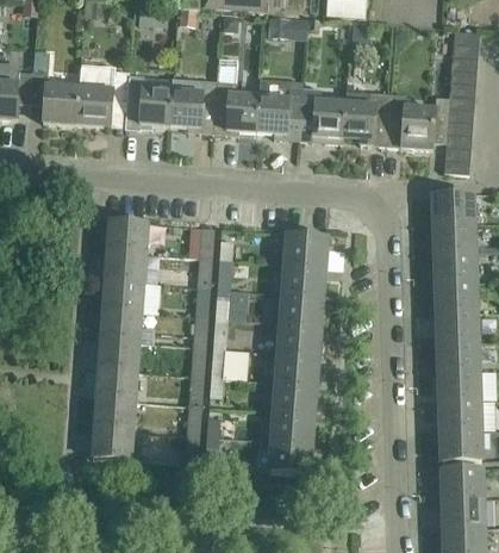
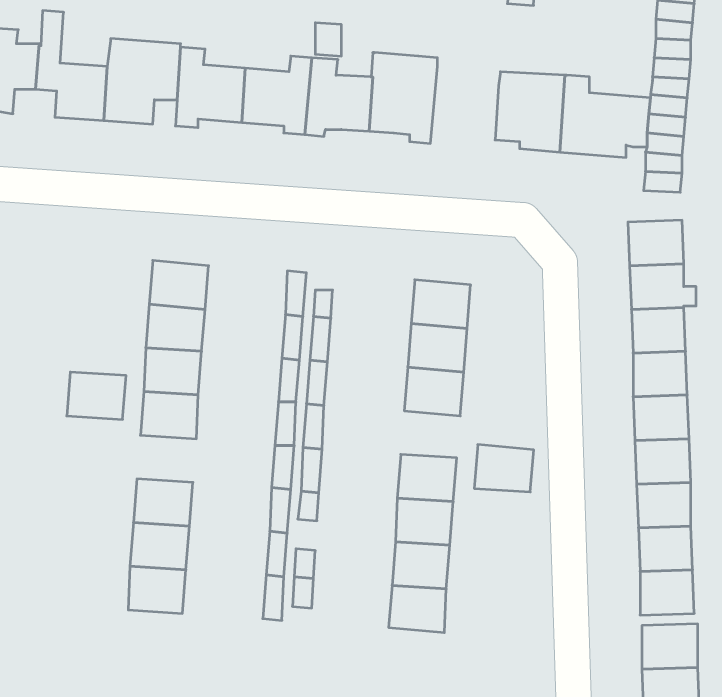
building: [299,87,345,142] -> none
building: [279,322,319,354] -> [474,445,534,492]
building: [99,338,139,371] -> [67,372,126,419]

